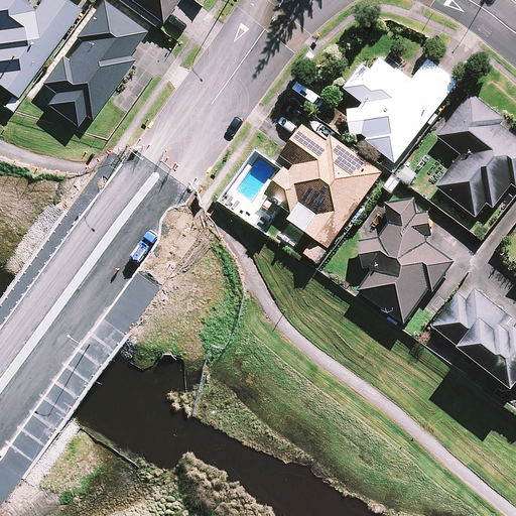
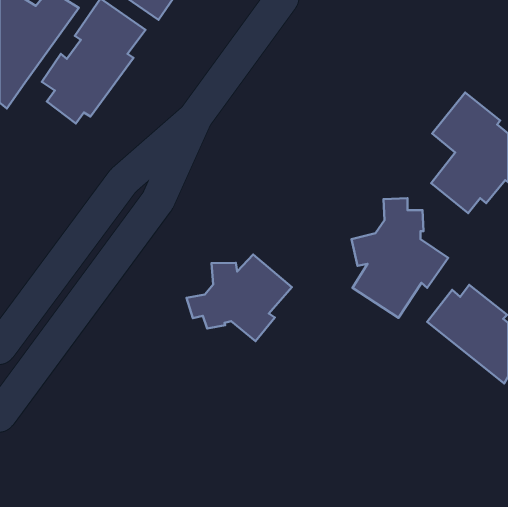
building: [344,57,456,161] -> none
building: [264,125,380,262] -> none
building: none -> [187,254,292,341]

